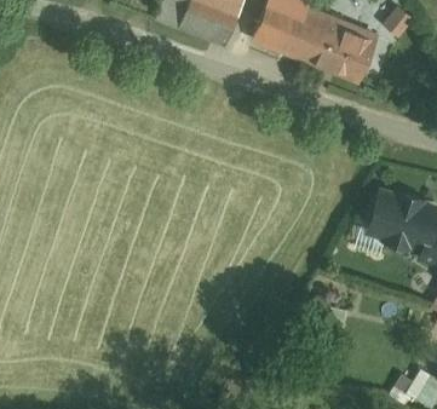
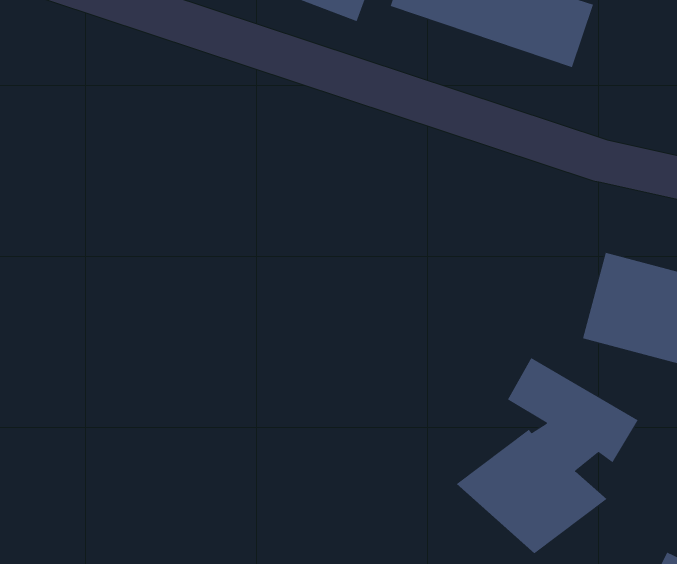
building: none -> [456,357,638,554]

